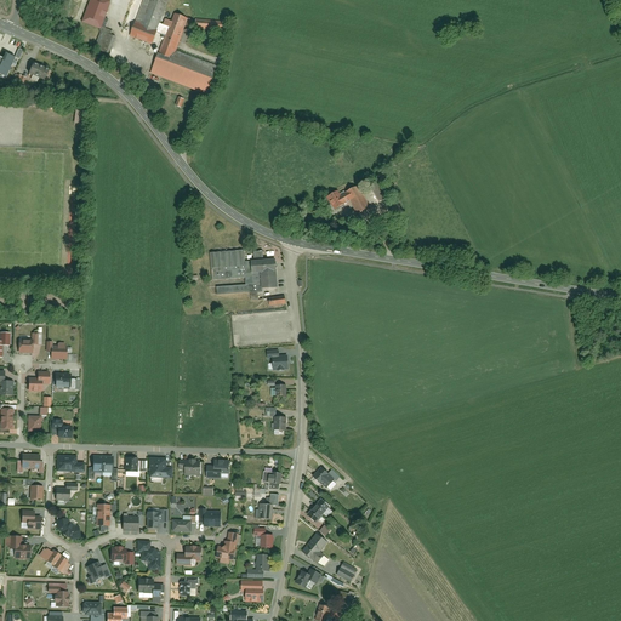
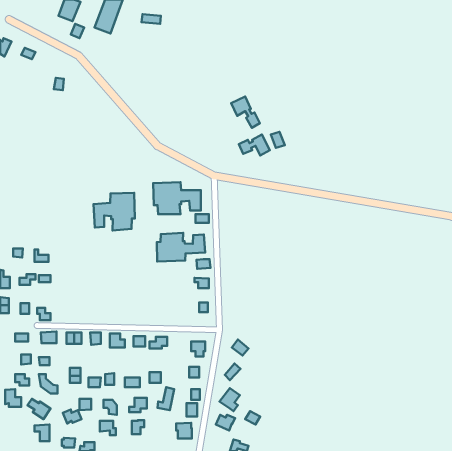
building: [149,15,216,95] -> none
building: none -> [231,96,260,128]
building: none -> [94,193,135,230]
building: none -> [157,233,205,261]

